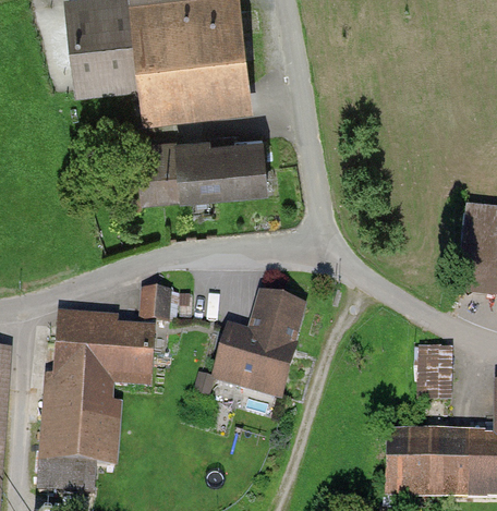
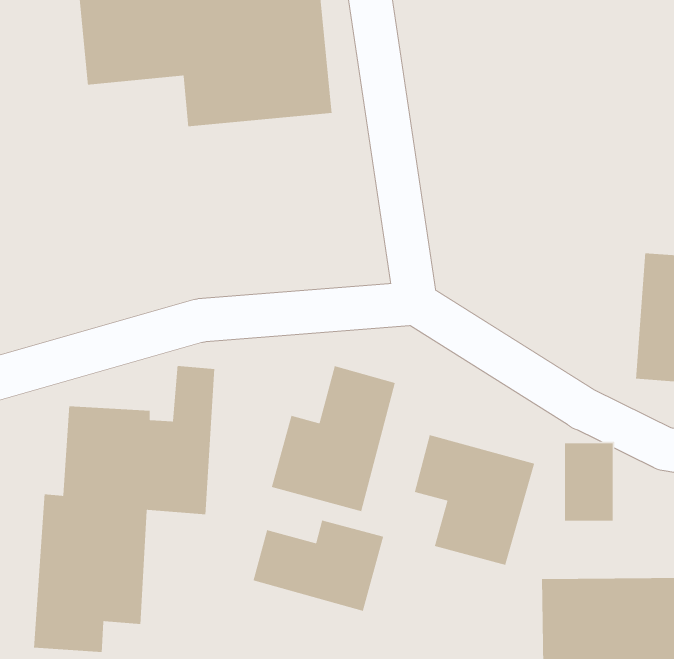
building: [145,132,279,203] -> none
building: none -> [414,434,535,566]
building: none -> [253,519,384,612]

